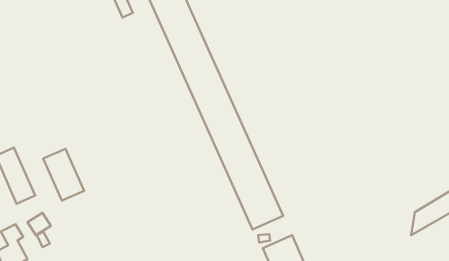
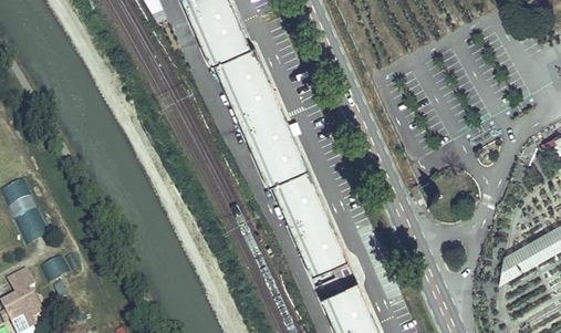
building: [43,149,84,201] -> none

